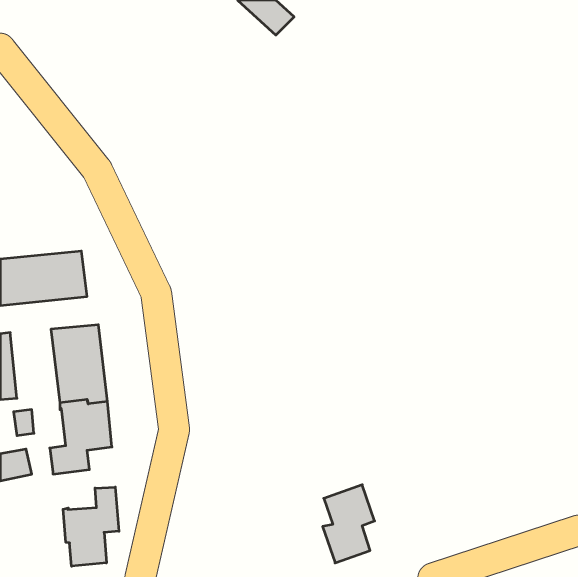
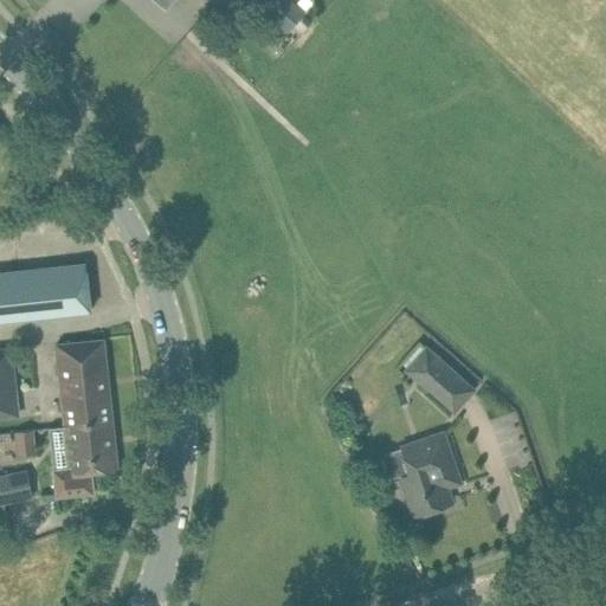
building: none -> [404,346,468,407]
building: [323,485,375,563] -> [401,434,456,516]
building: [63,487,119,566] -> none

